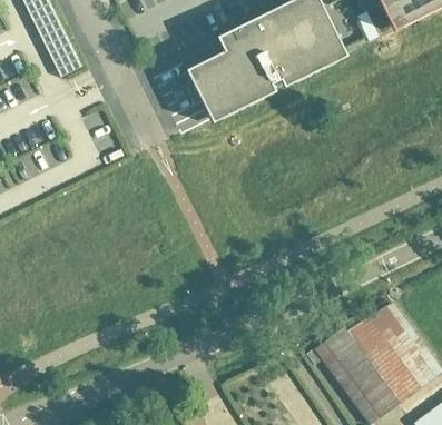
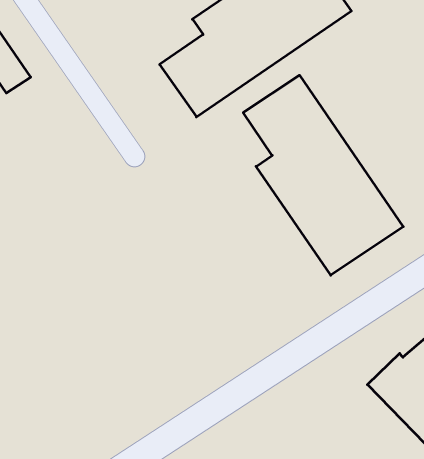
building: none -> [243,75,403,275]

